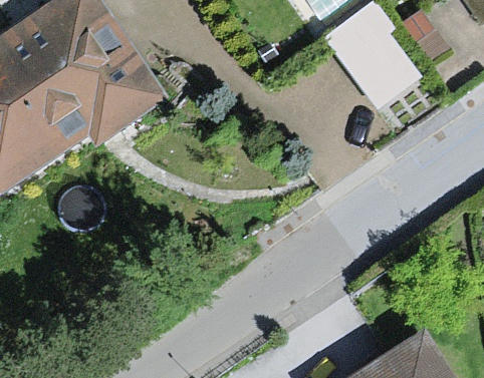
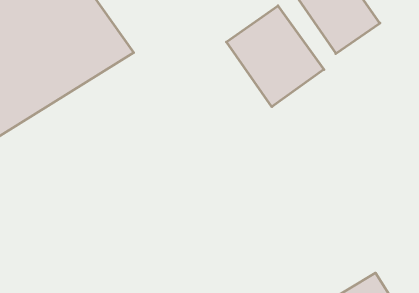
building: none -> [226,6,324,107]

